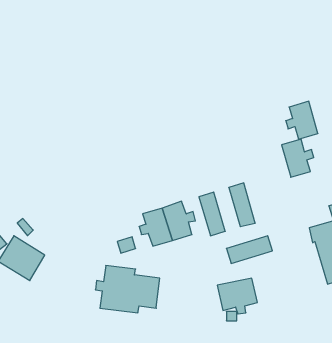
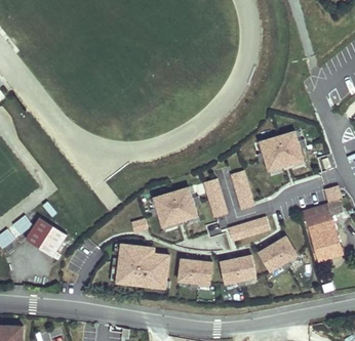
building: [286,101,318,139] -> [257,136,285,170]
building: none -> [259,236,297,271]
building: none -> [179,258,211,289]

